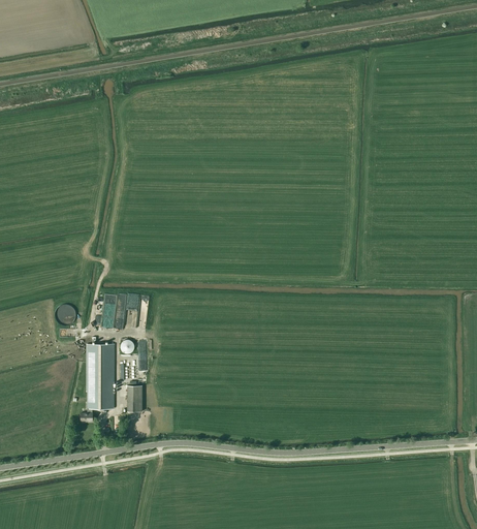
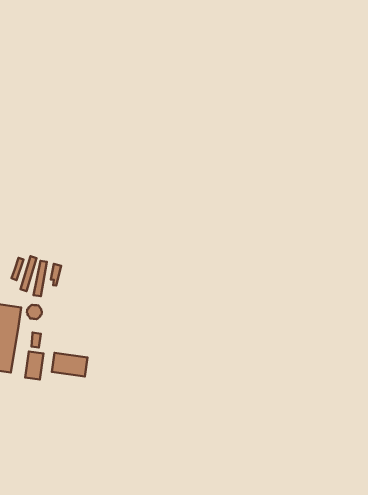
building: none -> [52,353,88,377]

